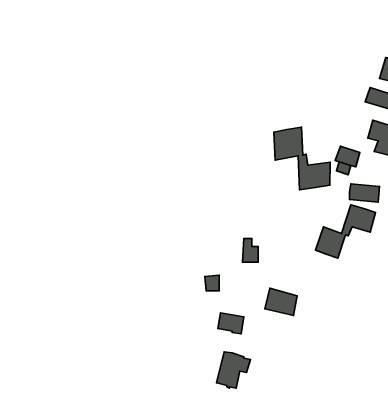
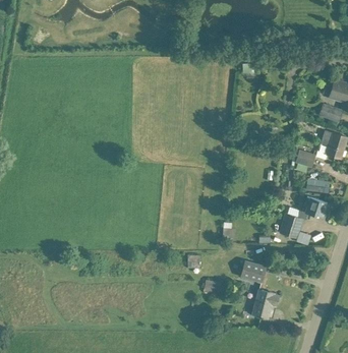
building: [274,127,330,190] -> none
building: [216,352,250,388] -> [251,289,278,317]

